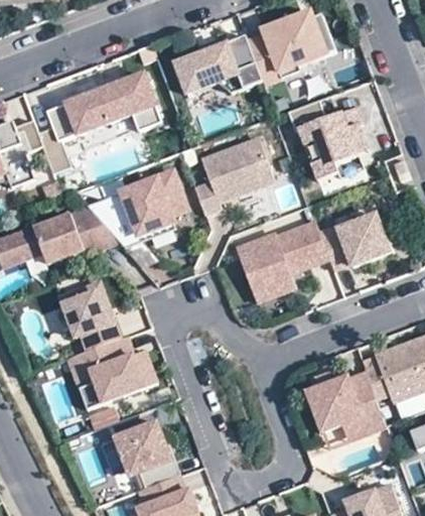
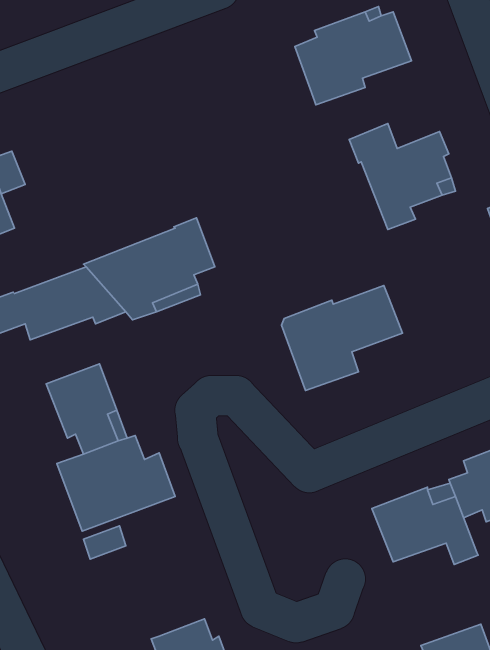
building: [174,34,262,93] -> none
building: [50,74,164,141] -> none
building: [193,137,274,213] -> none
building: [318,213,389,268] -> none
building: [115,420,180,487] -> none

